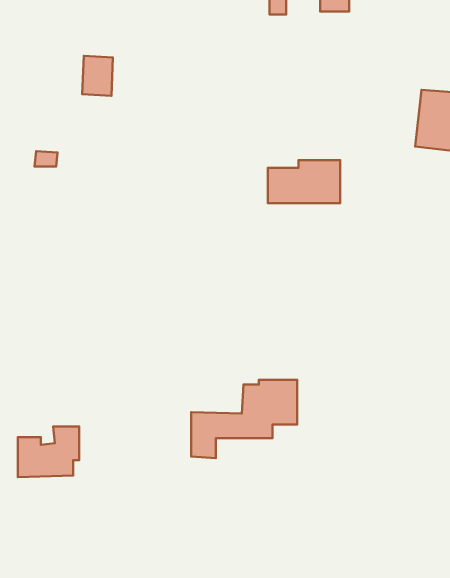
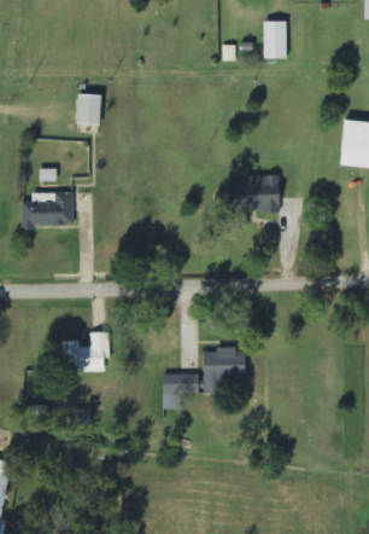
building: none -> [22,192,72,226]
building: [18,426,79,477] -> [62,332,110,372]

